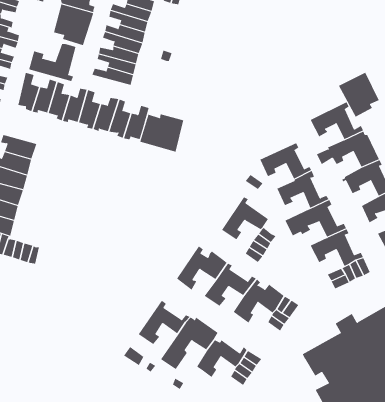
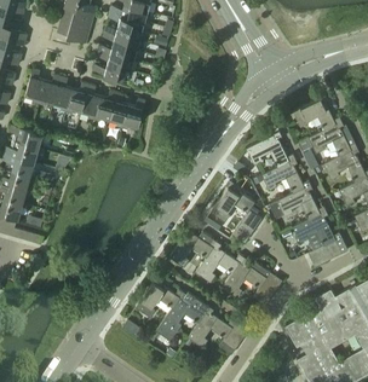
building: [28,43,76,82] -> none
building: [338,72,379,118] -> none
building: [140,114,184,153] -> none

